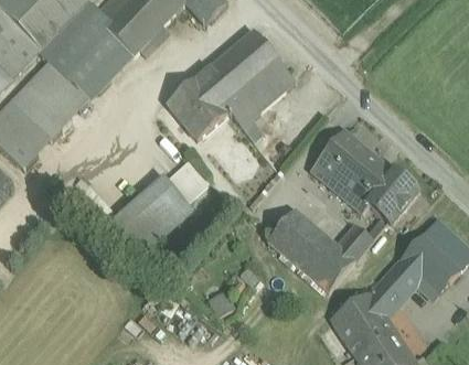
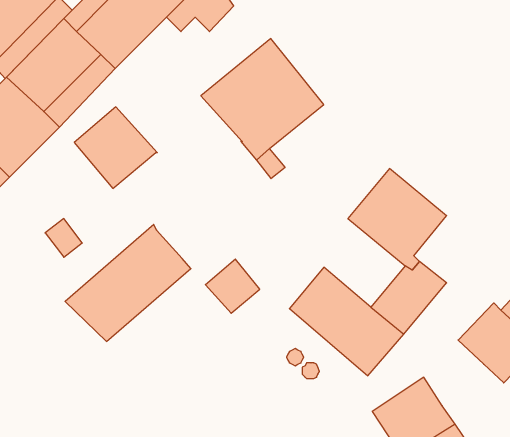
building: [167,75,231,138] -> [74,107,157,188]
building: [164,159,206,201] -> [205,259,260,313]
building: [363,167,417,222] -> none
building: [371,264,417,314] -> none

